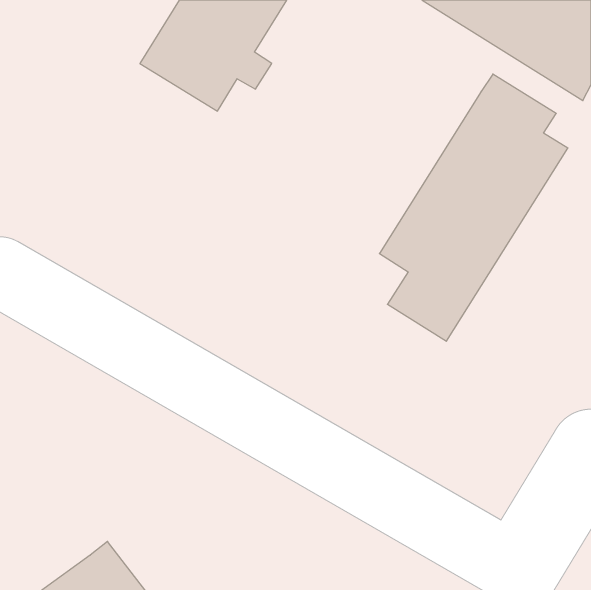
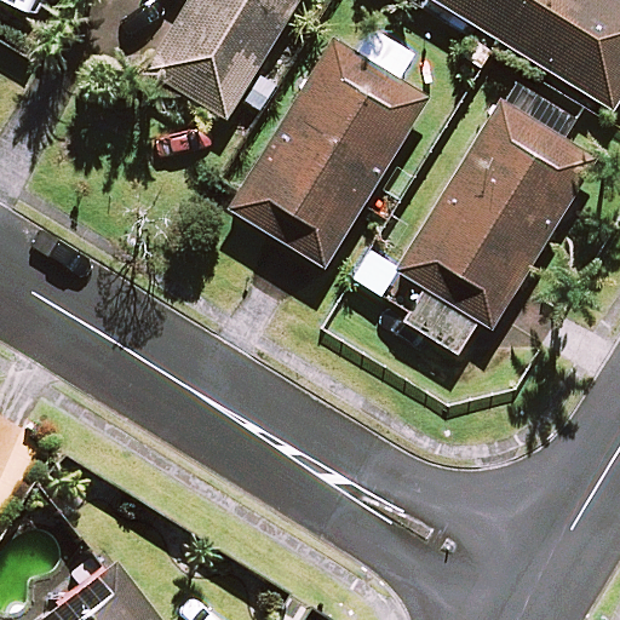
building: none -> [230,28,427,264]

